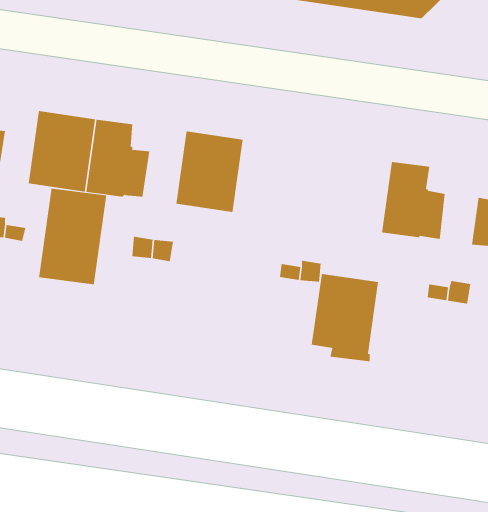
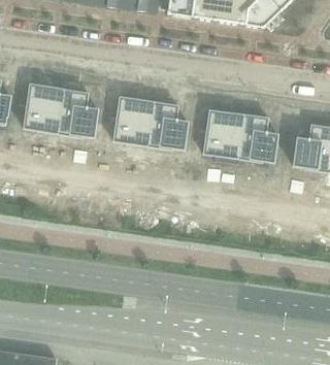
building: none -> [148,102,188,151]
building: [39,188,107,285] -> none
building: [311,274,379,362] -> [203,110,244,164]

